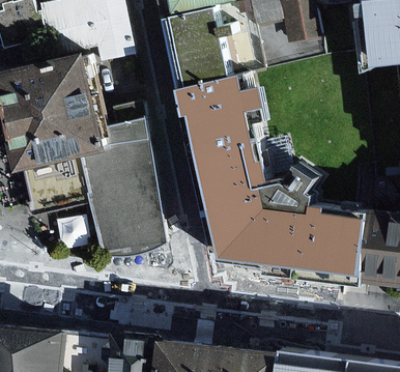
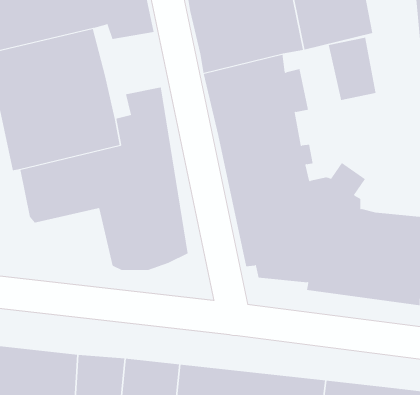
building: none -> [328,37,376,101]

